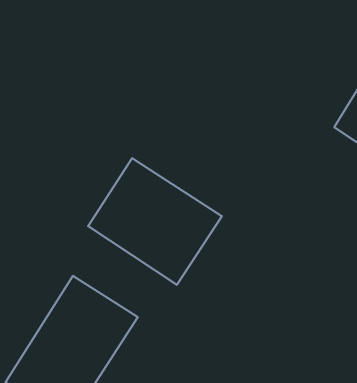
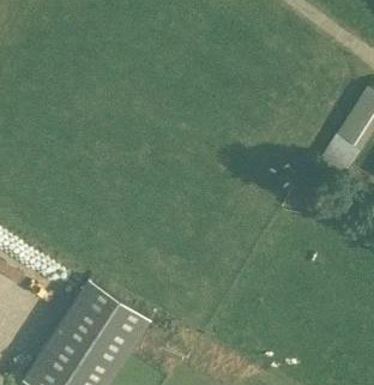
building: [88,158,222,285] -> none

